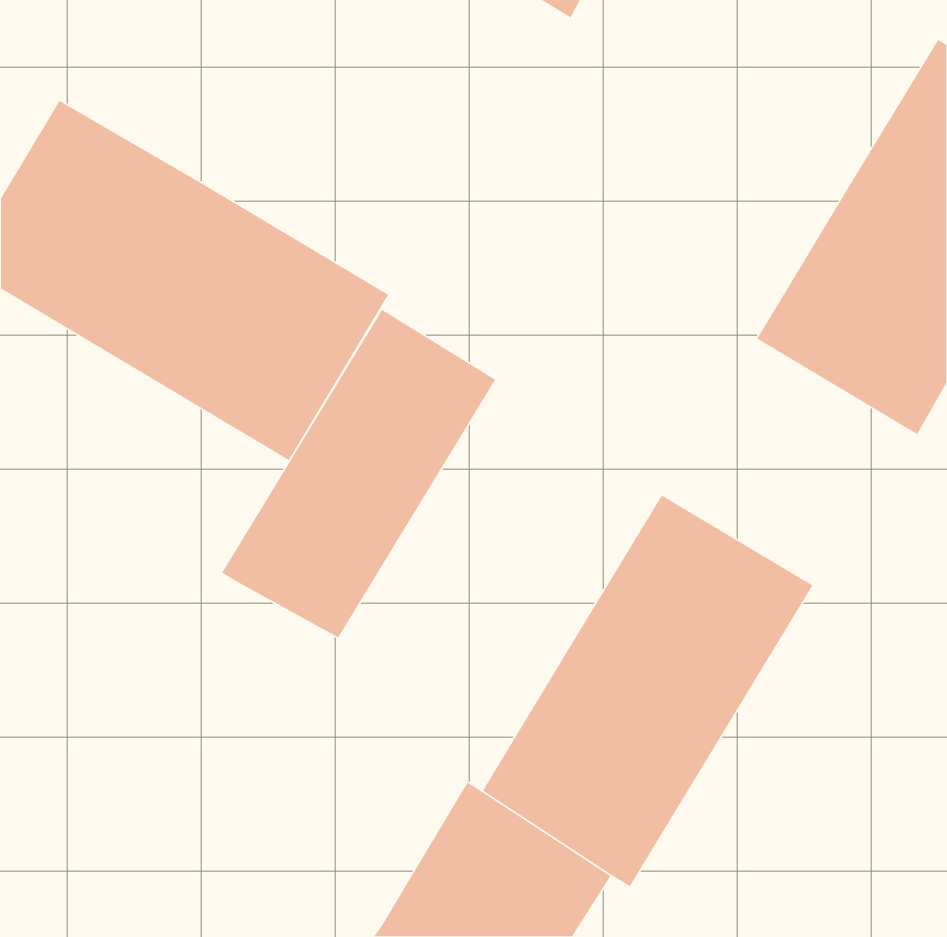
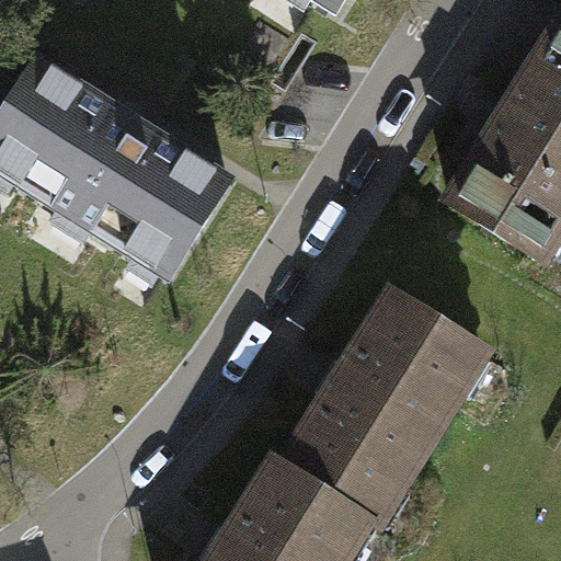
building: [221,309,496,638] -> none

